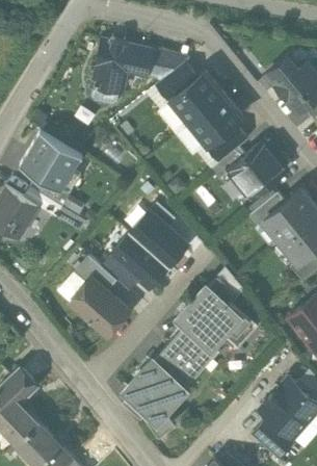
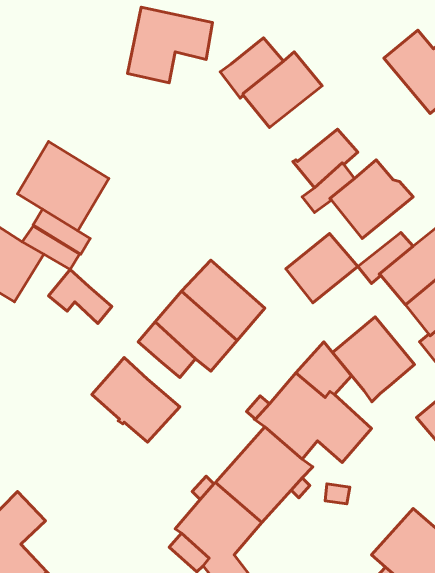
building: [147,52,188,80] -> none
building: [189,95,242,146] -> none
building: none -> [286,234,358,303]
building: none -> [332,317,415,402]
building: [74,256,116,292] -> [49,269,112,323]

